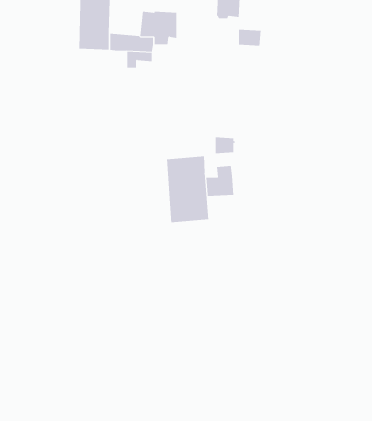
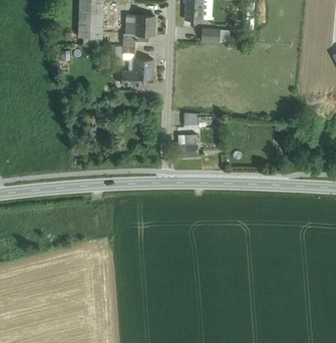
building: none -> [121,59,153,85]
building: [167,155,209,223] -> none

